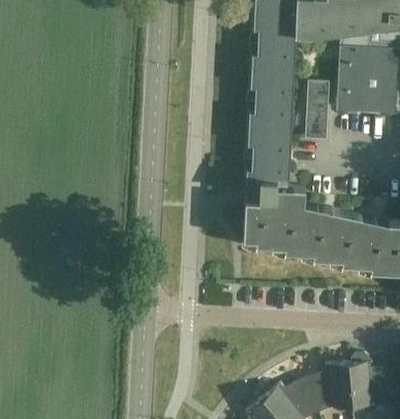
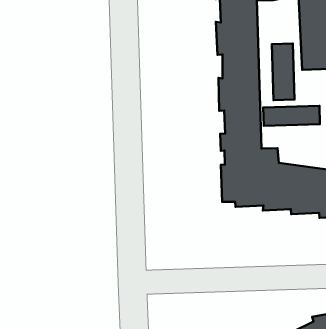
building: none -> [263,106,320,126]

